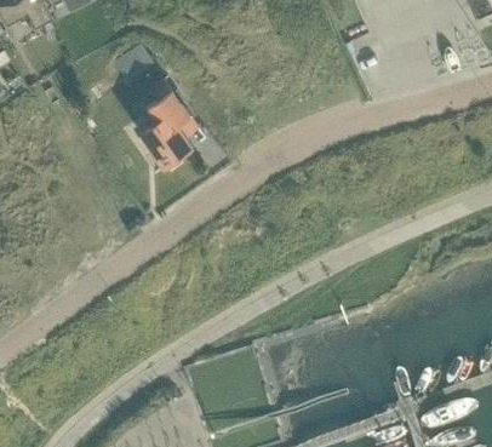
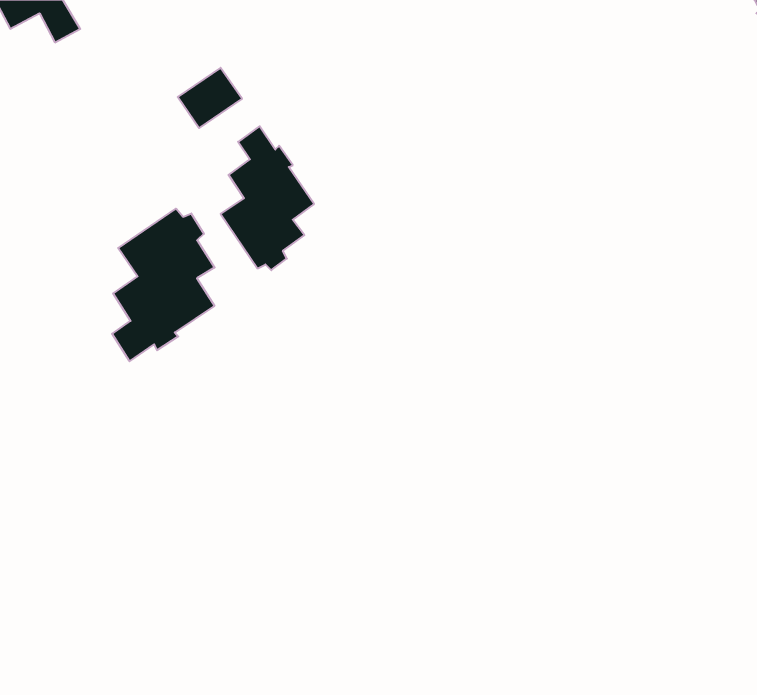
building: none -> [112,209,215,361]

